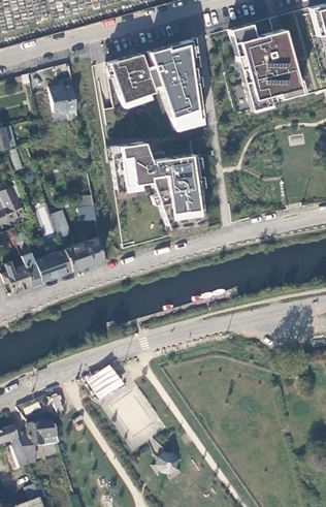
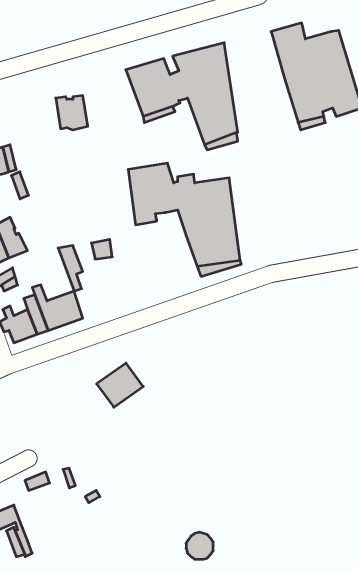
building: [64,236,102,271] -> none
building: [88,363,127,401] -> [97,363,143,407]
building: [17,423,59,460] -> none

